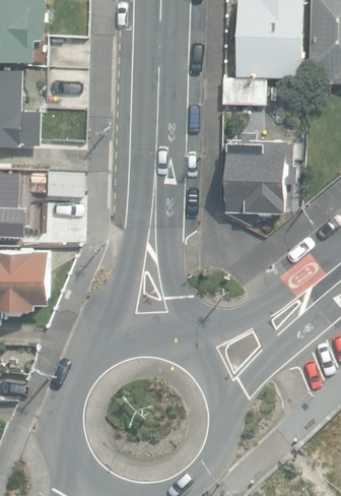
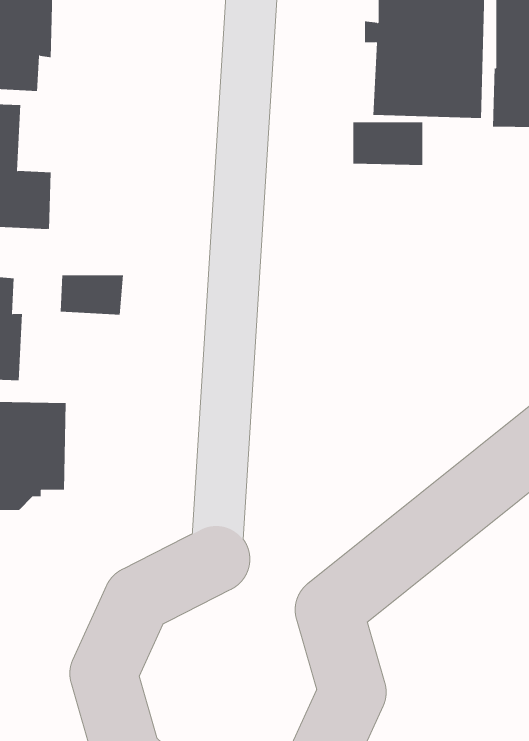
building: [222,132,294,215] -> none

